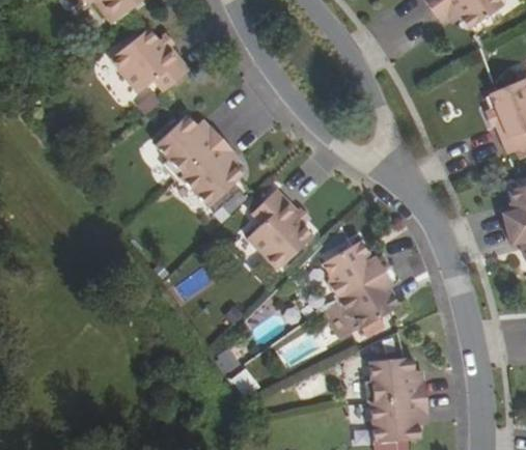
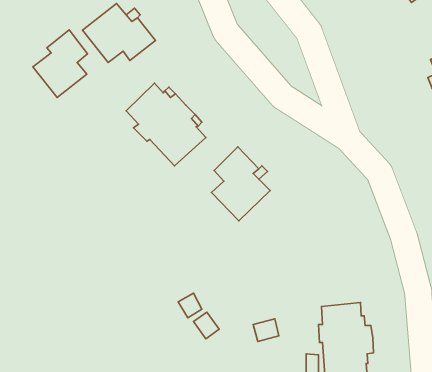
building: none -> [33,30,88,98]
building: [320,240,397,326] -> none

